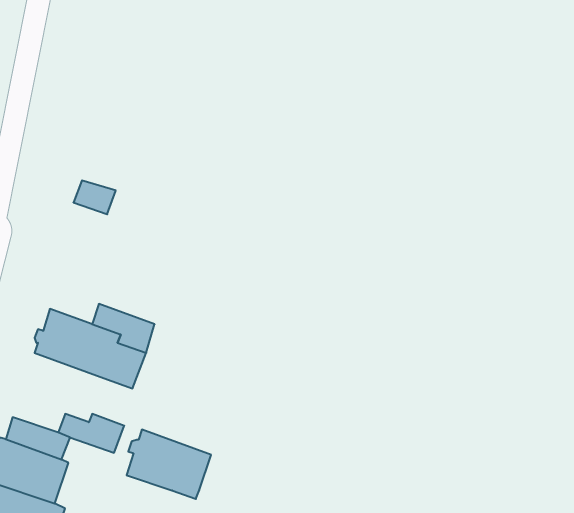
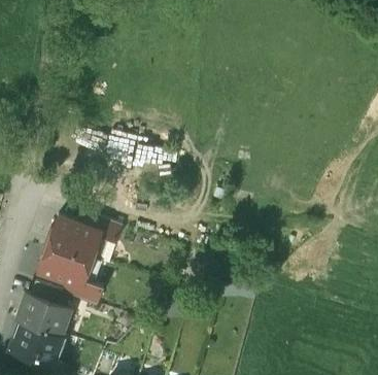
building: [127,430,211,499] -> [39,242,91,284]

